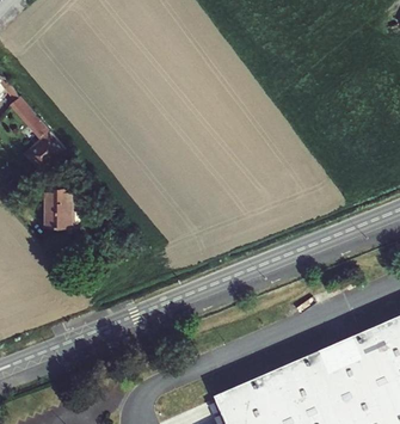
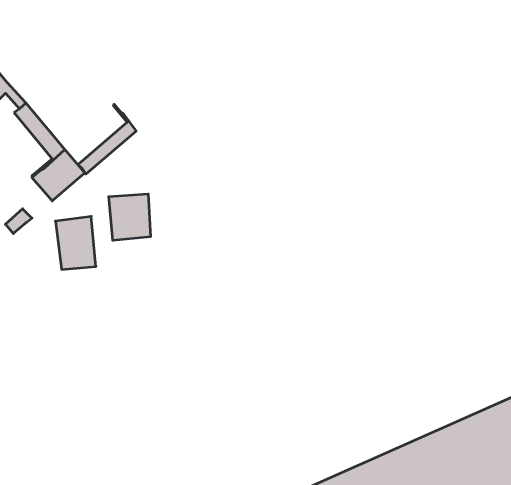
building: none -> [78,104,136,174]
building: none -> [109,194,150,240]

